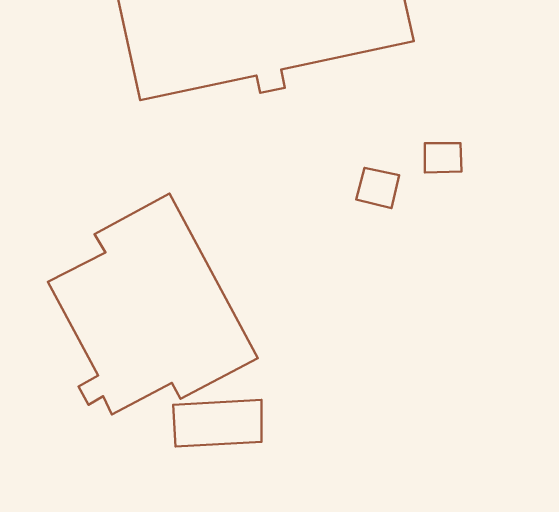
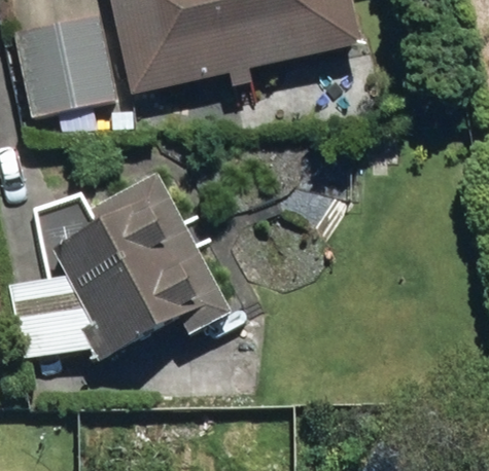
building: none -> [15,19,112,115]

